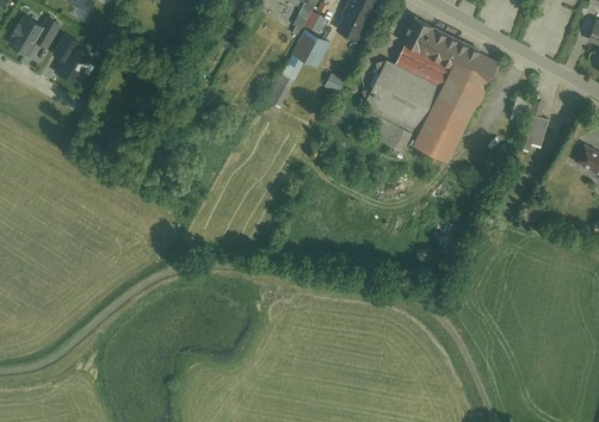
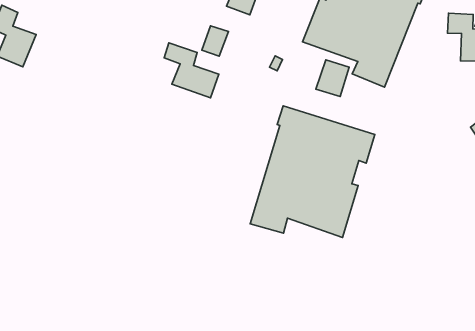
building: none -> [164,43,219,98]
building: none -> [250,106,375,237]

